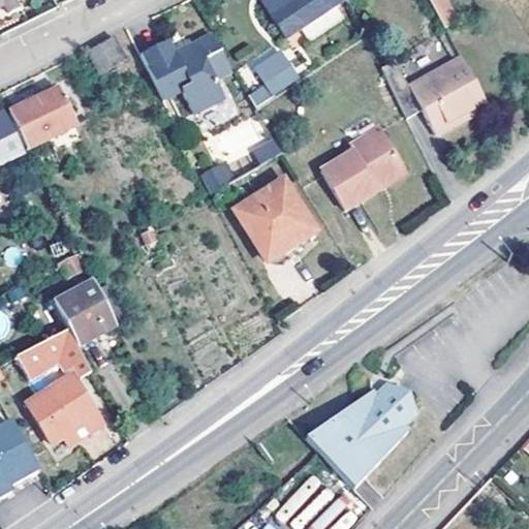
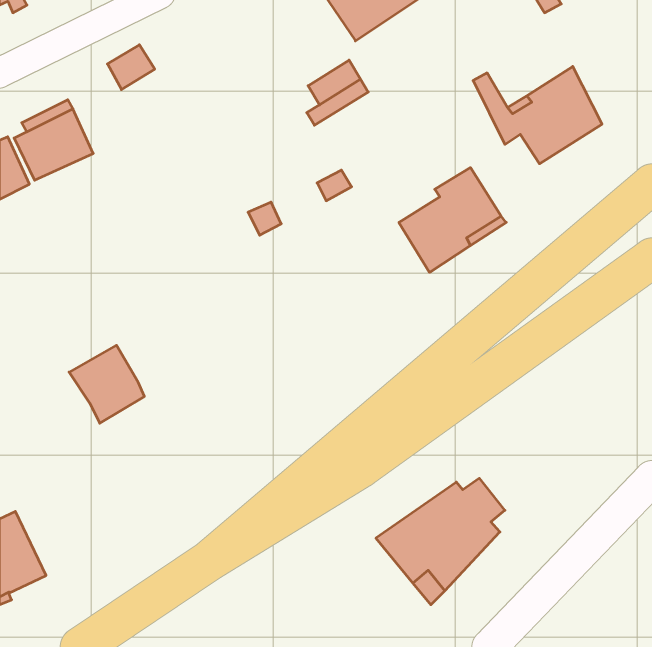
building: [139,32,224,110] -> none
building: [239,179,313,255] -> none
building: [21,325,93,378] -> none
building: [24,379,101,452] -> none

